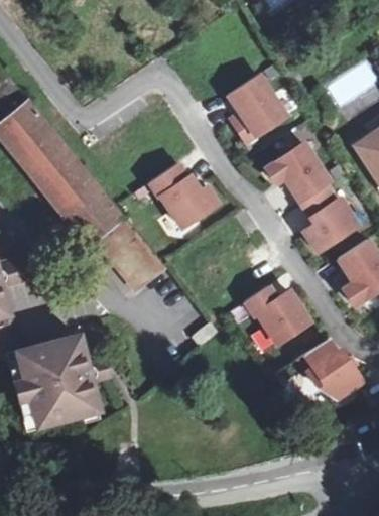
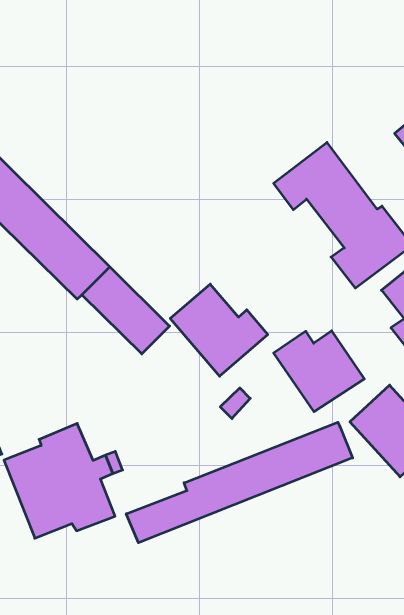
building: [221,73,286,143] -> none
building: [144,160,219,233] -> [170,284,268,376]
building: none -> [126,422,353,543]

